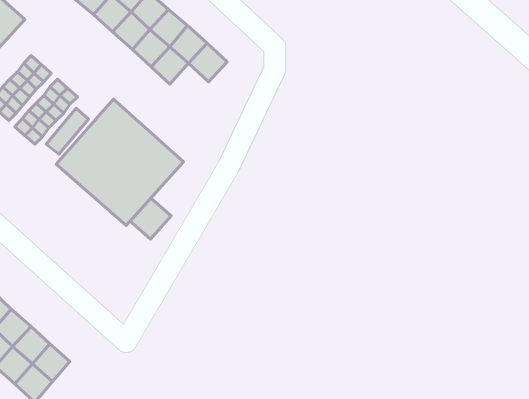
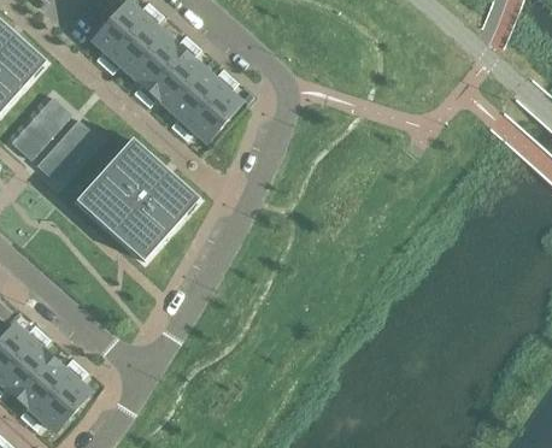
building: none -> [186,102,223,141]
building: [130,198,171,239] -> none

